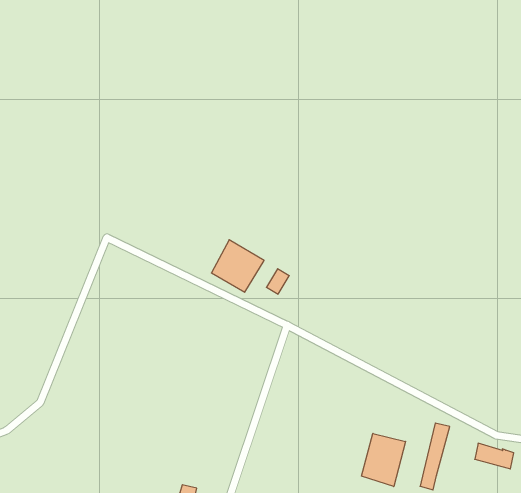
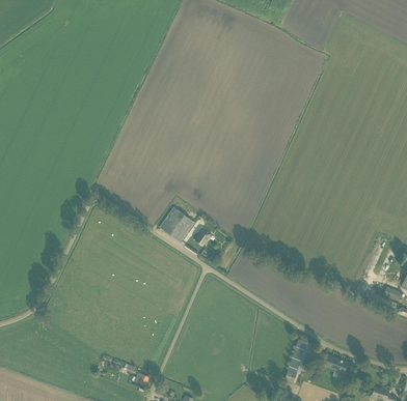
building: [361,433,406,487] -> none

